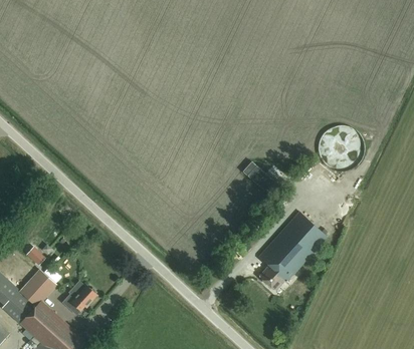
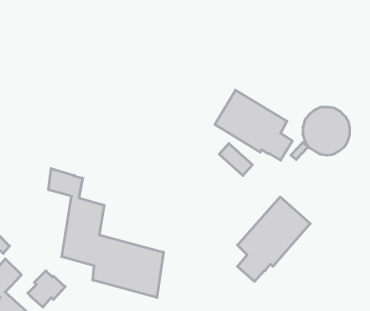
building: none -> [215,90,292,160]
building: none -> [49,168,163,298]

